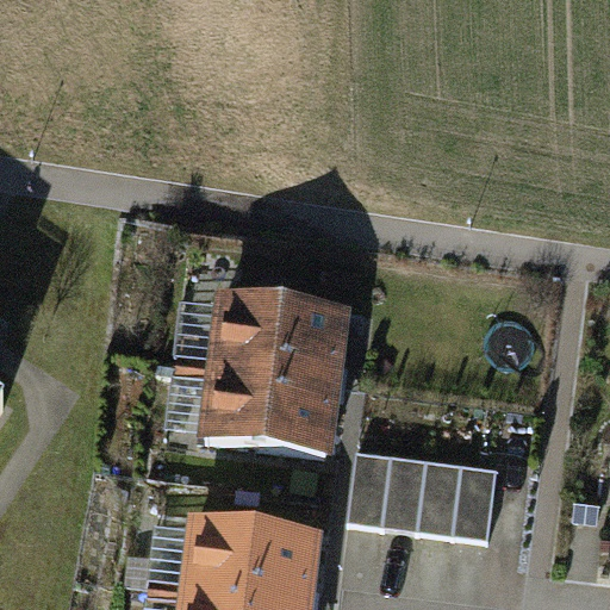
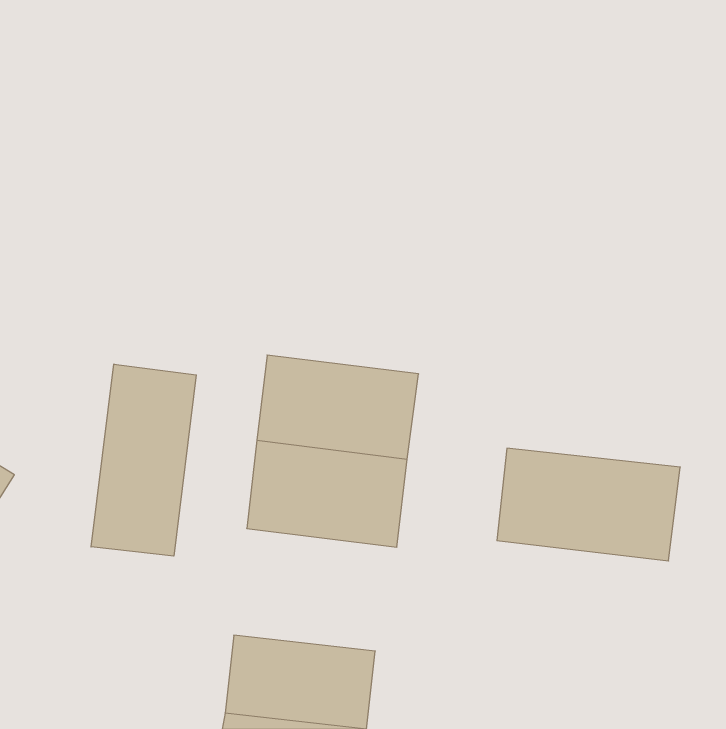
building: none -> [91,364,196,556]
building: [343,452,494,544] -> [497,448,680,561]

